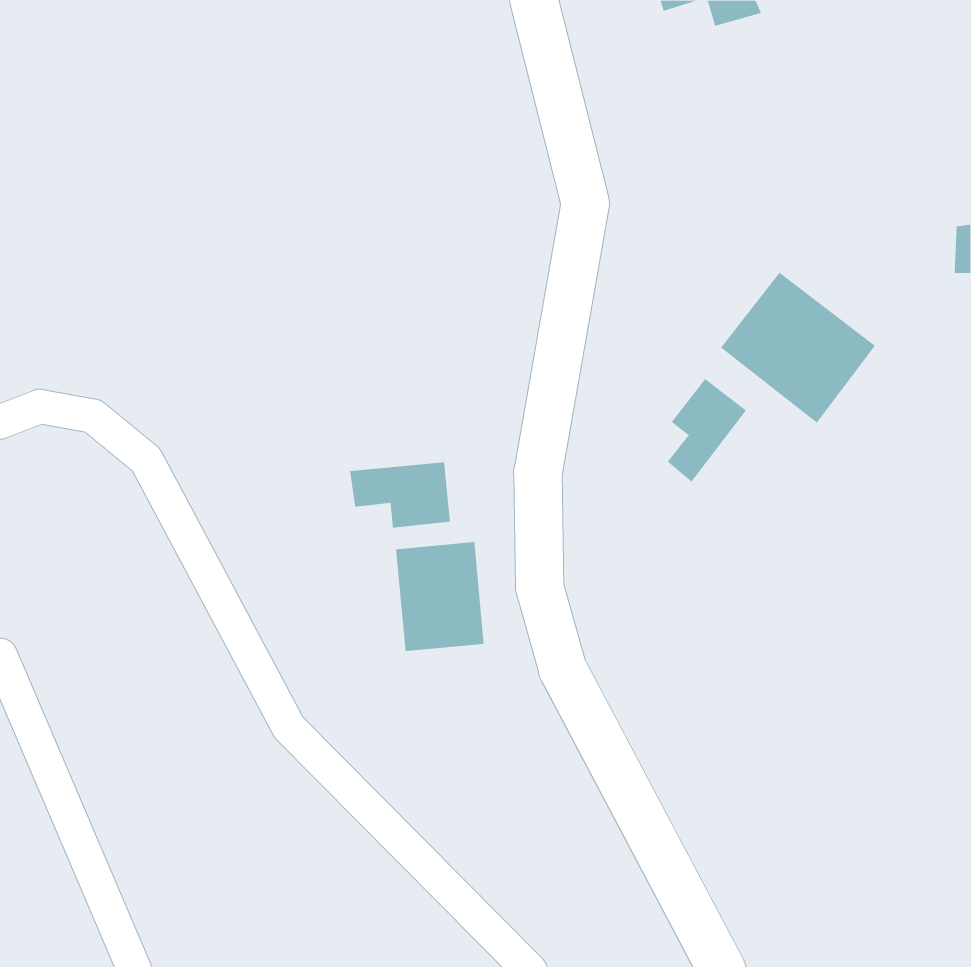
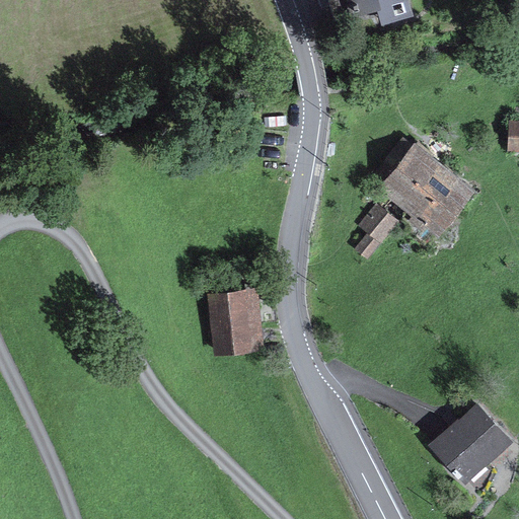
building: [350,462,451,528] -> none
building: none -> [434,406,508,479]

